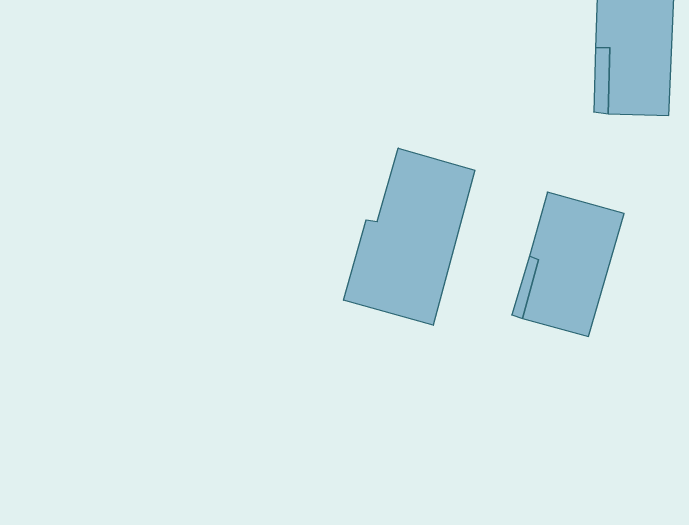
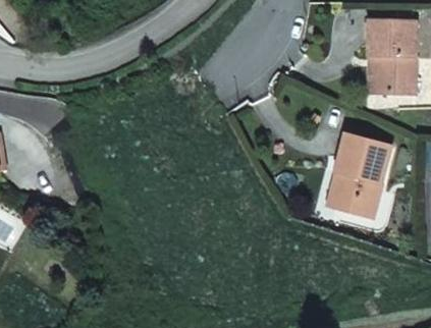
building: [344,148,475,325] -> none

